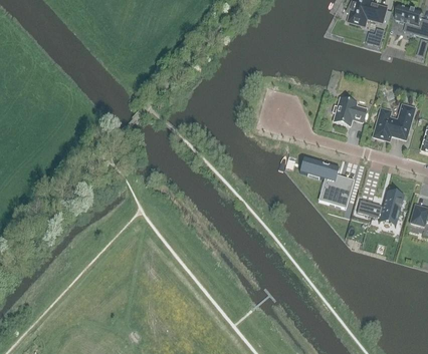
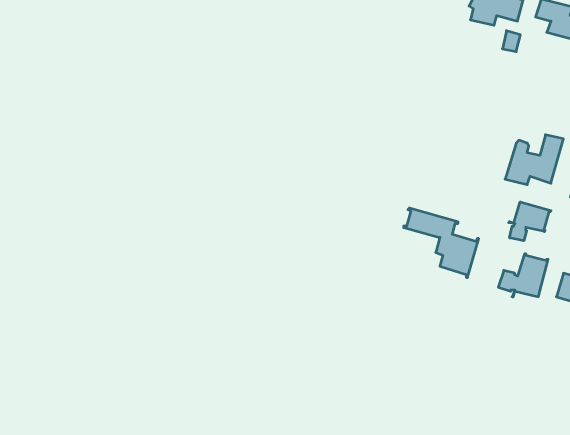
building: [333,98,366,126] -> none
building: none -> [509,202,551,241]

